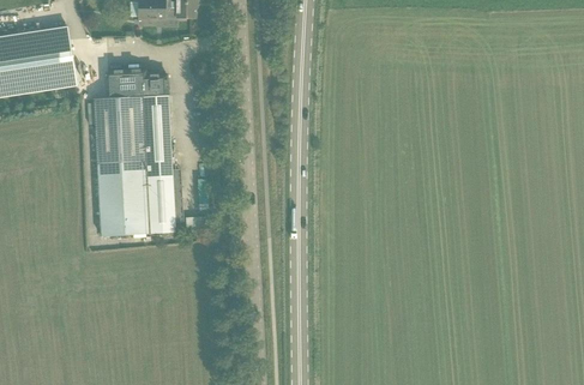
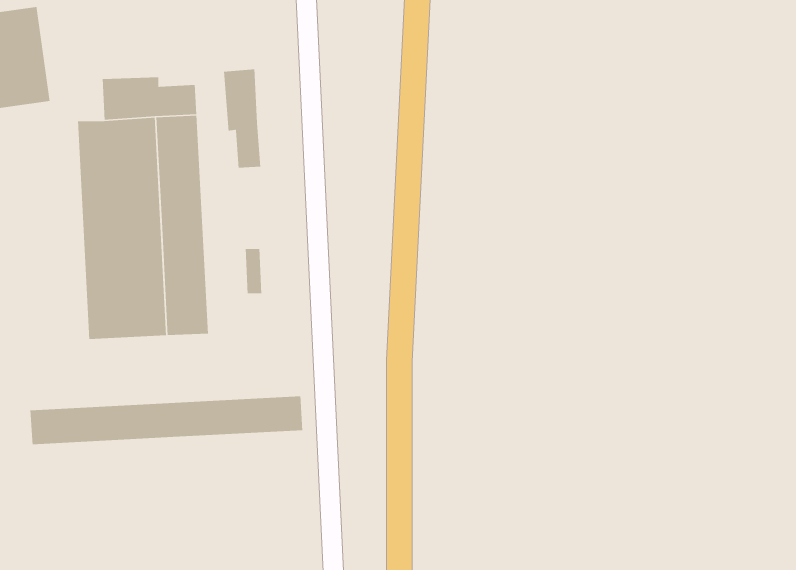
building: none -> [223,69,261,169]
building: none -> [30,396,303,445]

